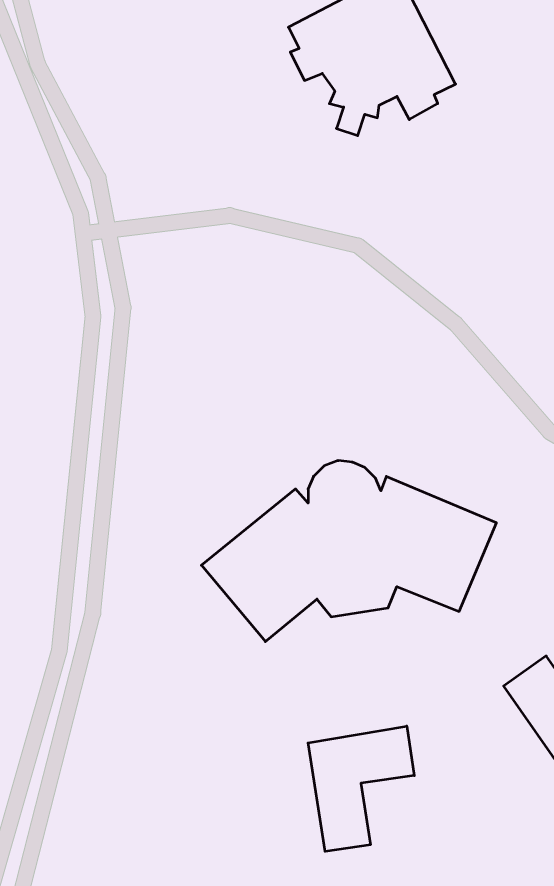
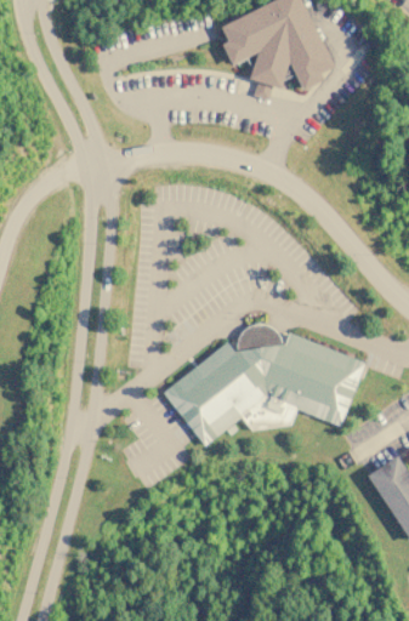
building: [308,726,414,851] -> none

